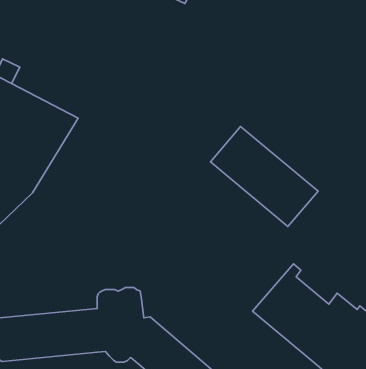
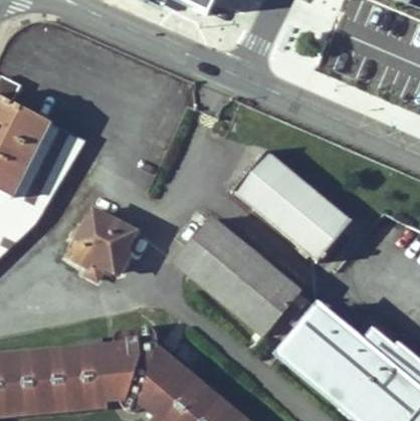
building: none -> [68,209,136,279]
building: none -> [172,215,308,337]

